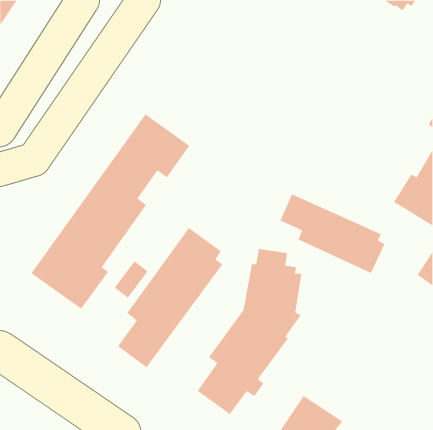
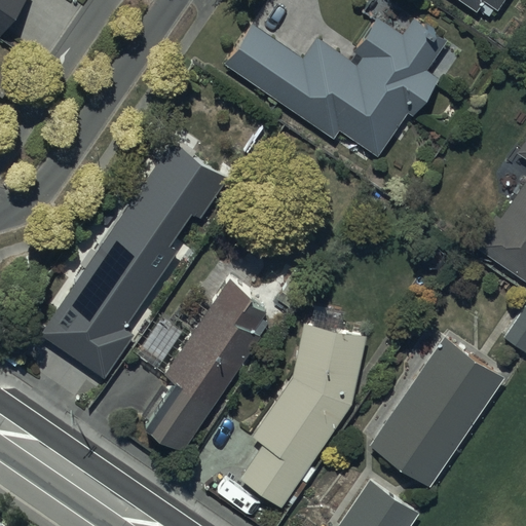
building: none -> [224,17,445,157]
building: [280,194,385,274] -> none
building: none -> [370,337,504,487]

